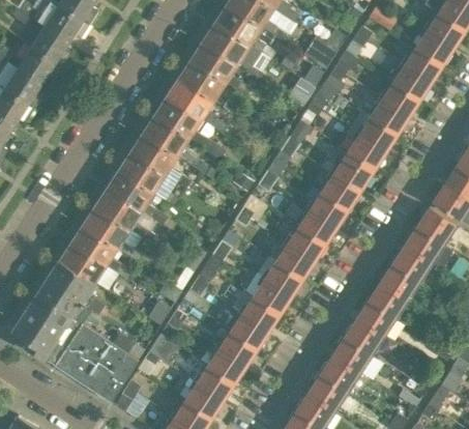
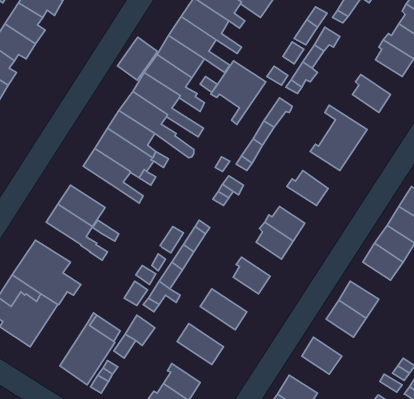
building: none -> [117,37,158,80]
building: [380,81,420,115] -> none
building: none -> [211,61,266,124]
building: [357,115,398,149] -> none
building: [323,171,359,207] -> none
building: [95,185,155,239] -> none
building: [300,205,336,241] -> none
building: [61,240,106,282] -> none
building: [263,260,302,293] -> none
building: [370,280,409,316] -> none
building: [232,287,280,328] -> none
building: [56,319,118,381] -> none
building: [211,323,257,363] -> none
building: [333,336,373,372] -> none
building: [195,364,234,398] -> none
building: [310,372,349,408] -> none

